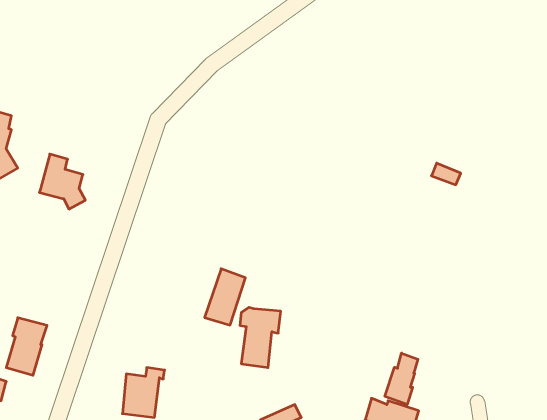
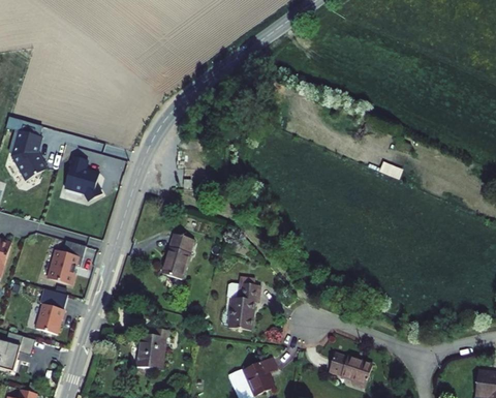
building: none -> [51,239,88,283]
building: [205,269,245,325] -> [155,231,188,276]
building: [385,353,418,405] -> none

